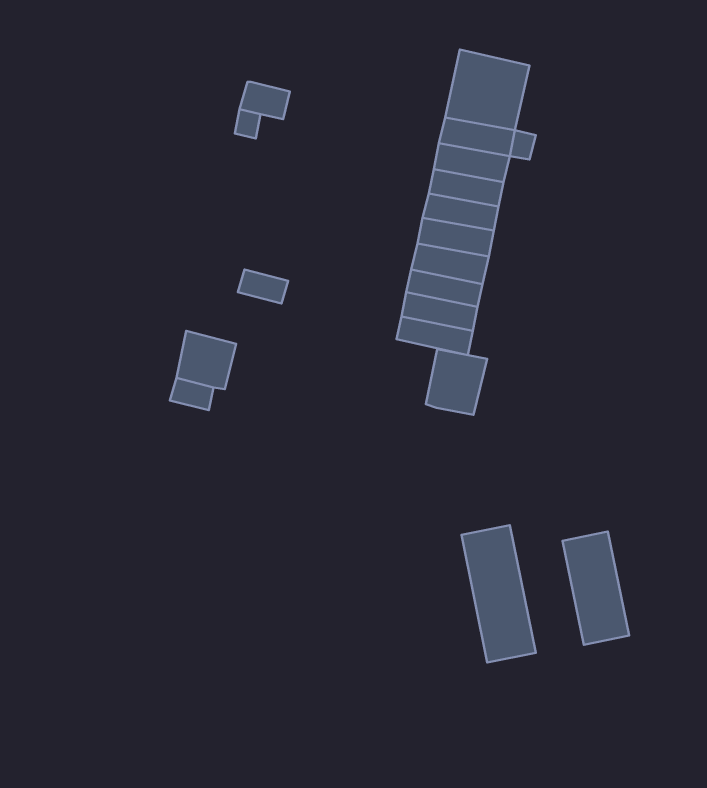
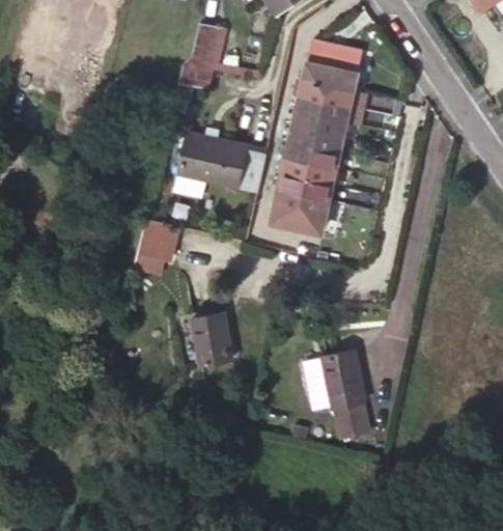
building: none -> [185,22,220,69]
building: none -> [175,131,267,191]
building: [426,349,487,415] -> none
building: none -> [188,308,231,363]
building: [563,531,629,645] -> none

